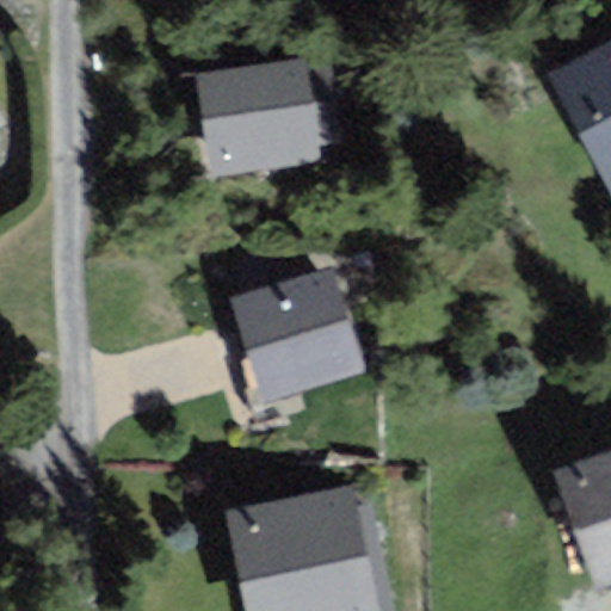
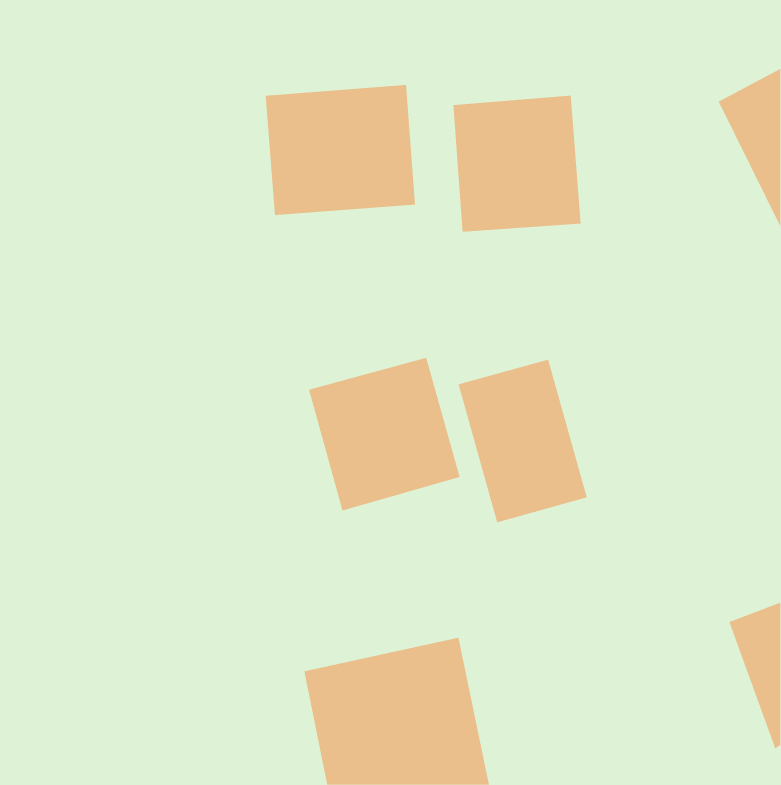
building: none -> [453,95,581,232]
building: none -> [458,359,587,523]

